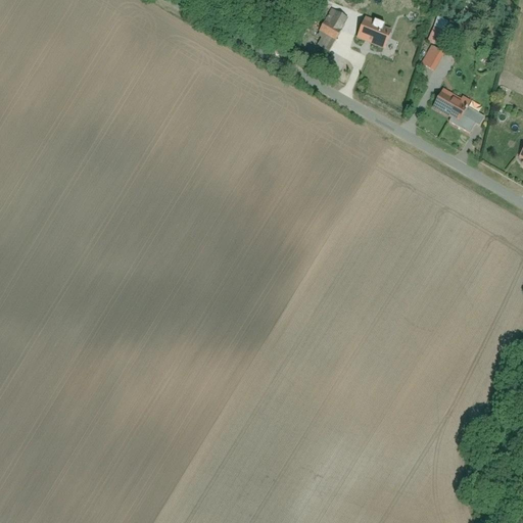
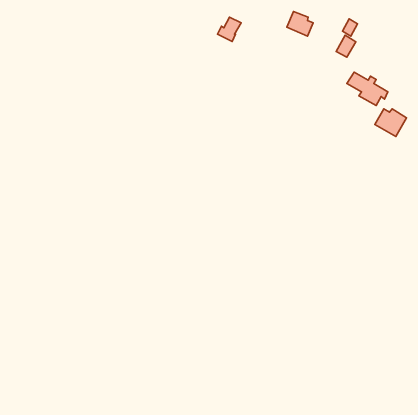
building: [318,9,347,40] -> [217,17,241,42]
building: none -> [375,109,407,136]

